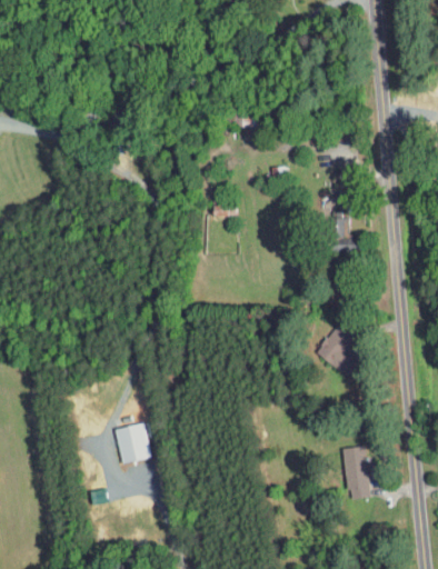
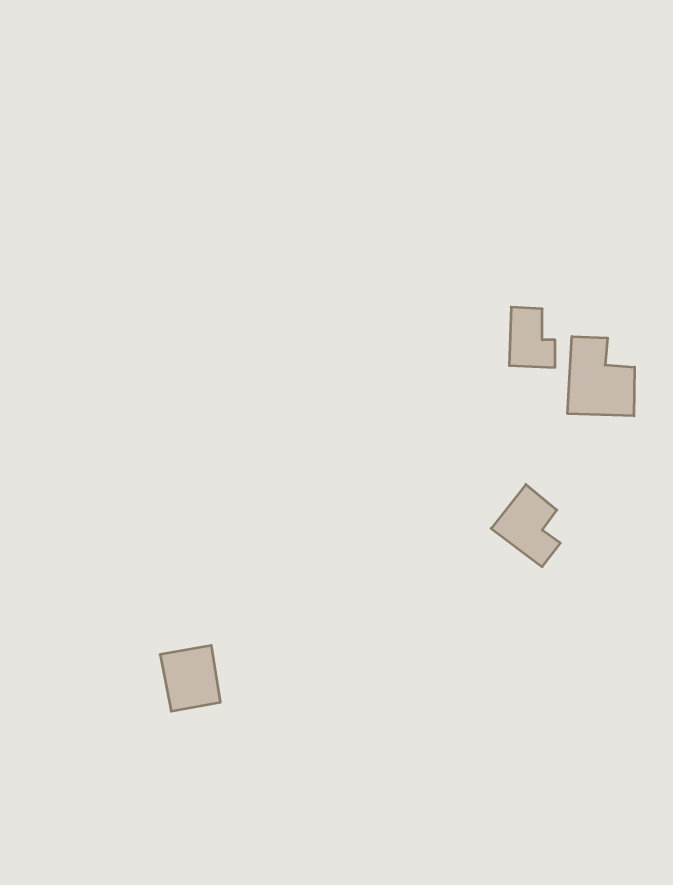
building: none -> [568,336,635,416]
building: [342,446,370,499] -> none

